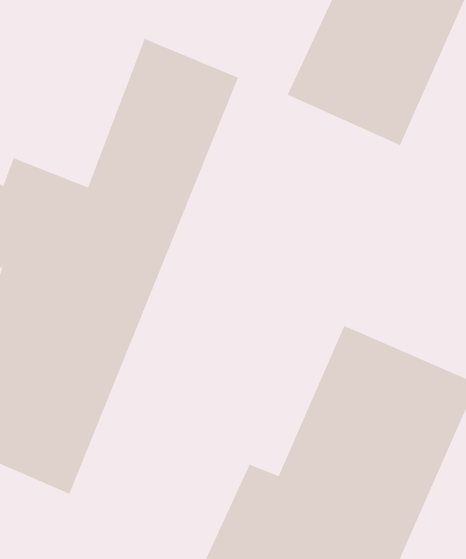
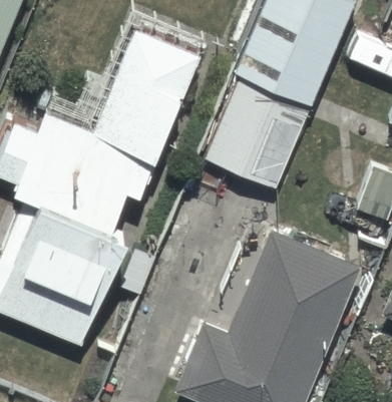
building: none -> [201,82,309,191]

